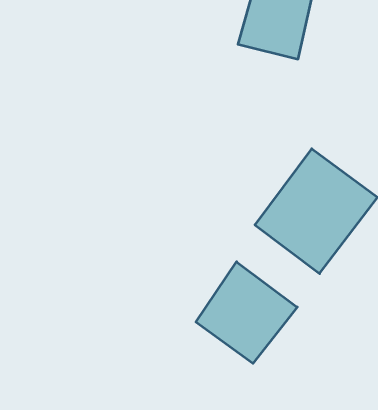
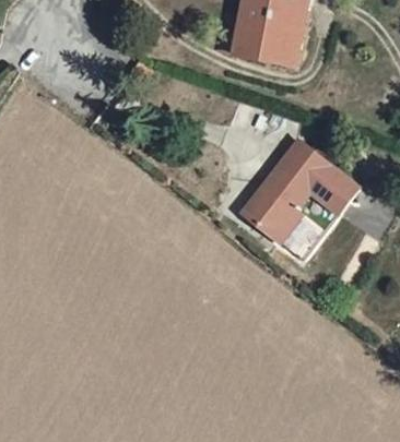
building: [196,262,297,363] -> none

